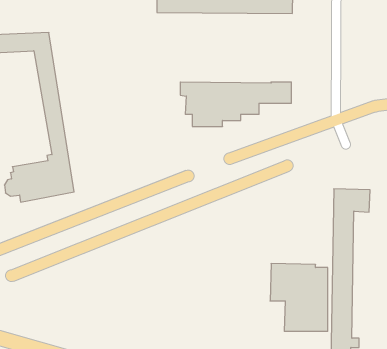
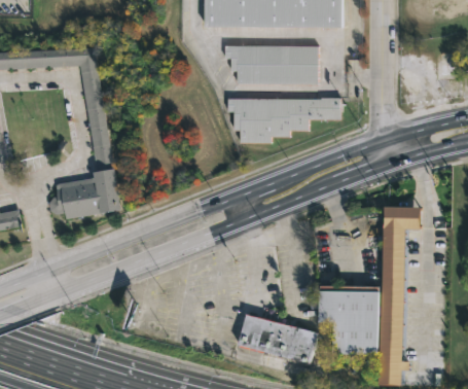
building: none -> [225,45,319,84]
building: none -> [239,312,319,362]

